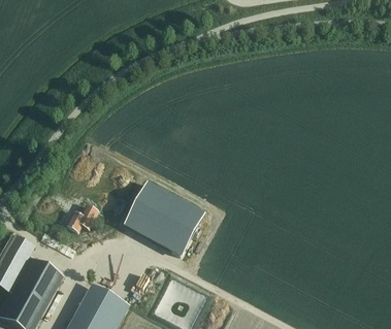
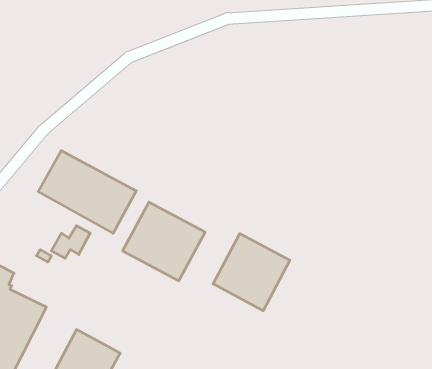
building: none -> [38,151,136,233]
building: none -> [213,234,290,311]

